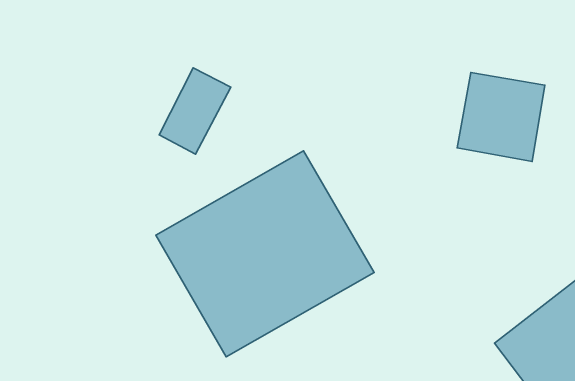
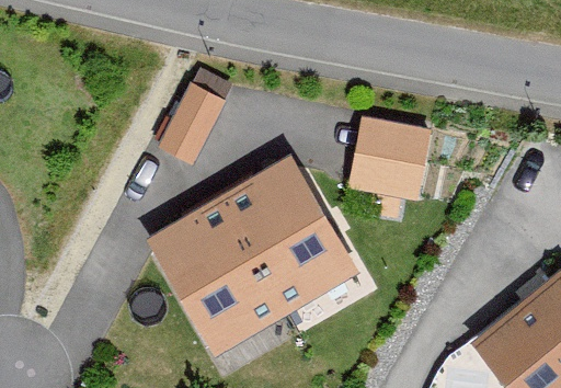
building: [457,73,545,161] -> [344,113,428,198]

